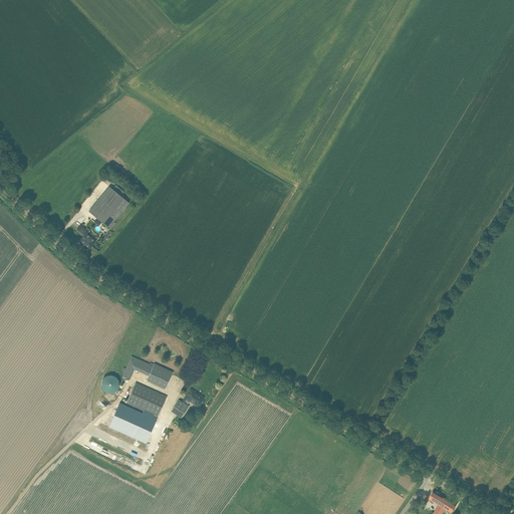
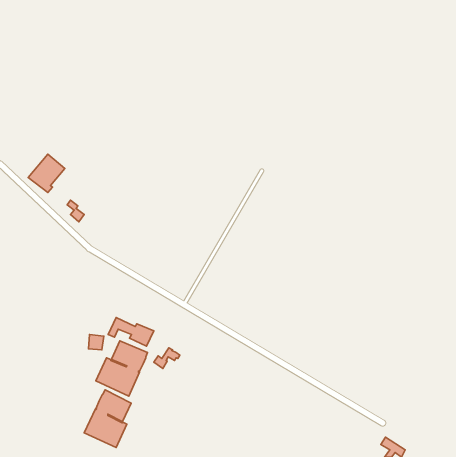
building: [87,186,128,229] -> [28,154,65,193]
building: none -> [84,390,131,448]

